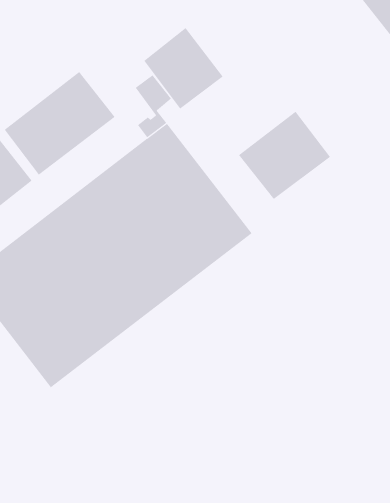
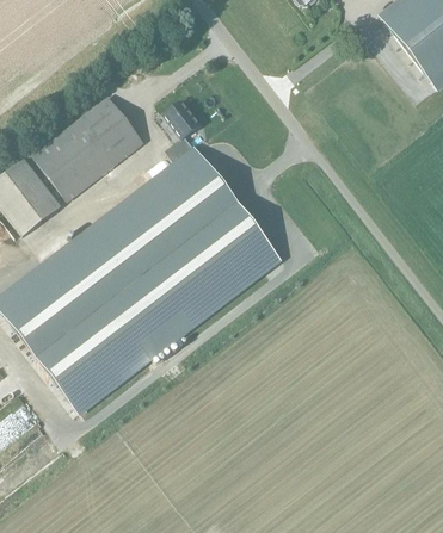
building: [143,27,223,110] -> none
building: [238,111,331,200] -> none

